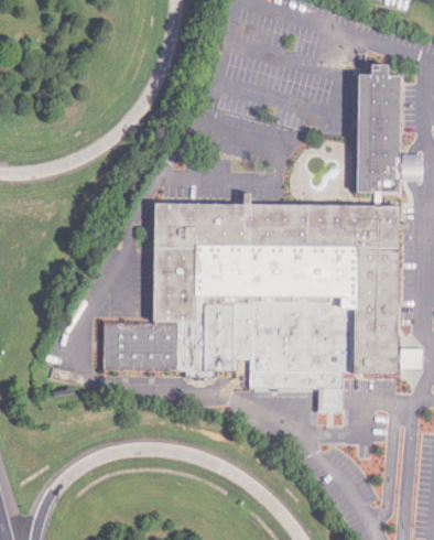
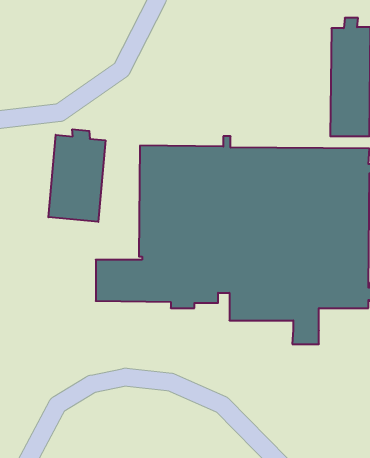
building: none -> [48,129,105,222]

